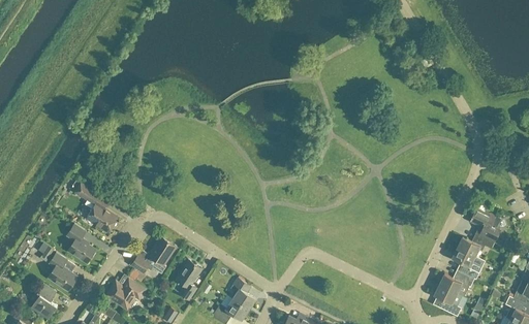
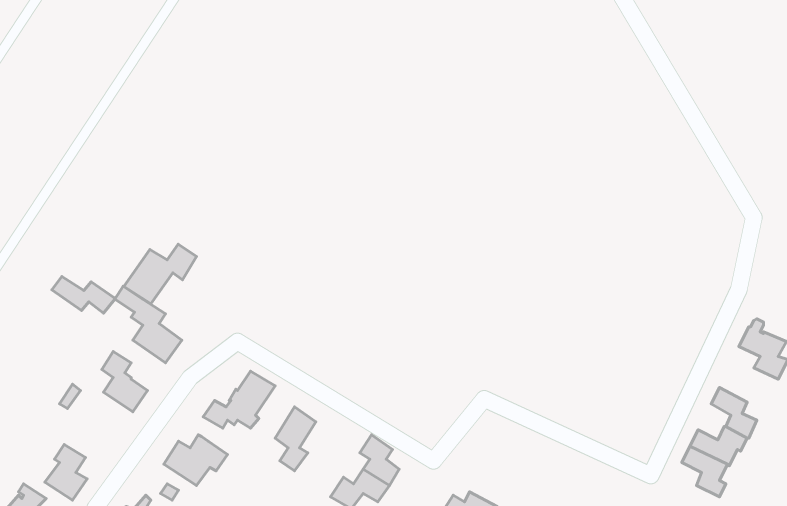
building: none -> [124,244,197,304]
building: none -> [52,276,115,313]
building: [457,234,494,256] -> none
building: [48,253,77,290] -> none

